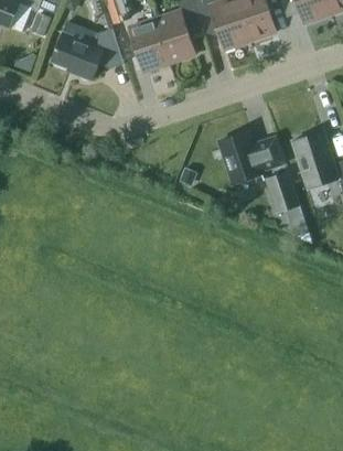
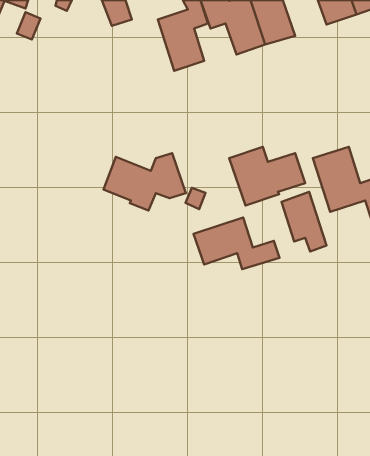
building: [129,19,169,72] -> none
building: [51,29,124,79] -> [103,153,186,211]
building: none -> [194,218,280,269]

